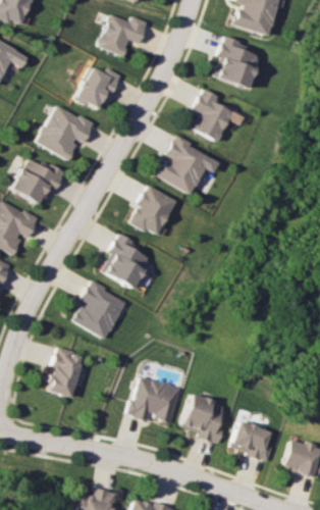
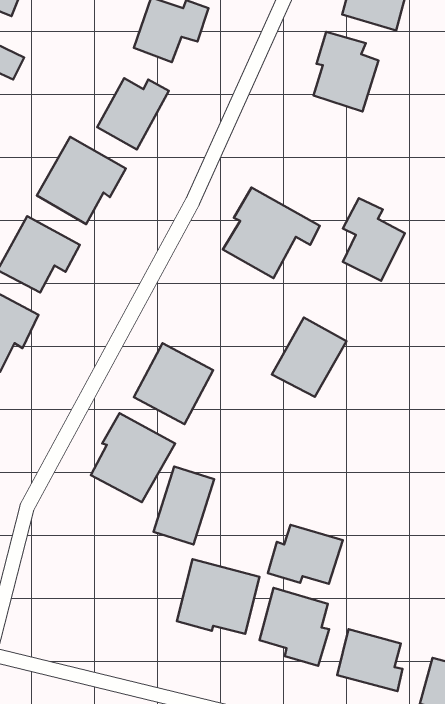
building: [193,89,232,142] -> [343,198,405,281]
building: [128,185,176,236] -> [272,317,347,397]
building: [45,348,84,398] -> [154,467,214,544]
building: none -> [268,525,343,584]

